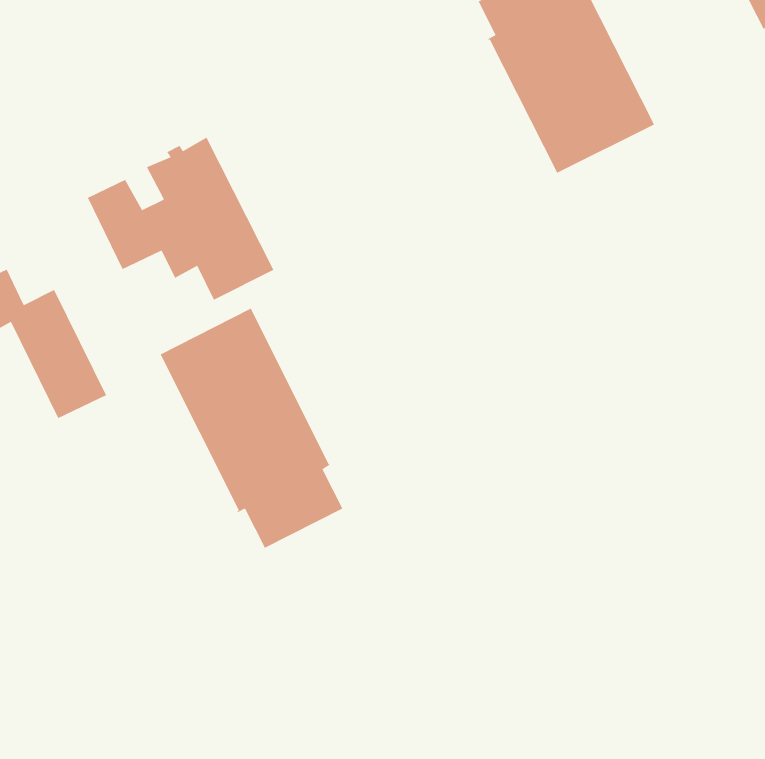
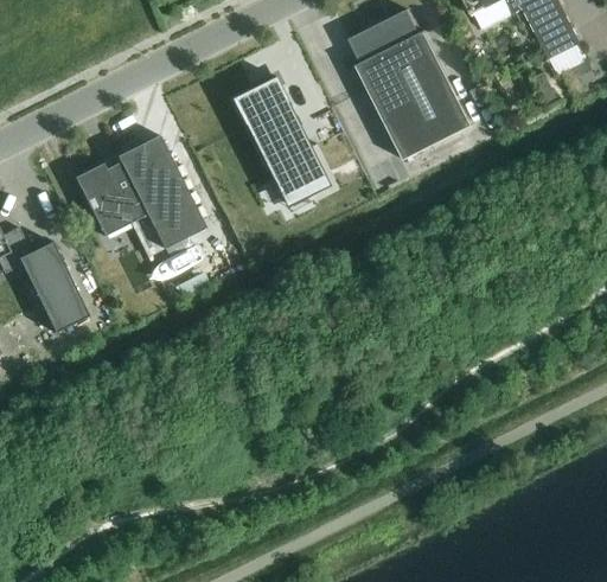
building: none -> [230,76,330,205]
building: [159,308,343,549] -> none

